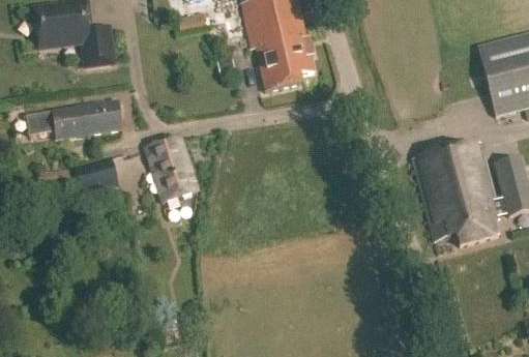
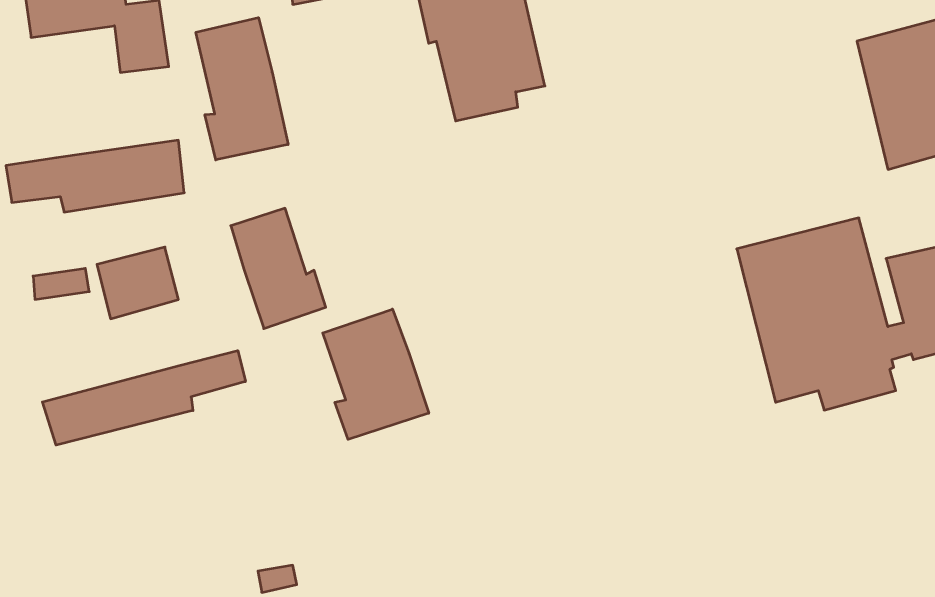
building: none -> [196,18,288,160]
building: none -> [323,309,429,439]
building: none -> [42,351,245,445]

